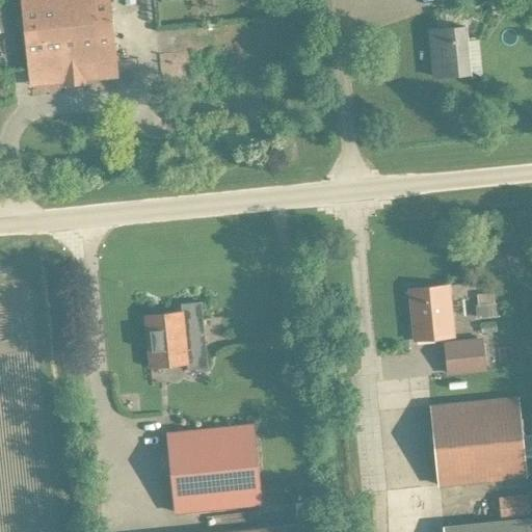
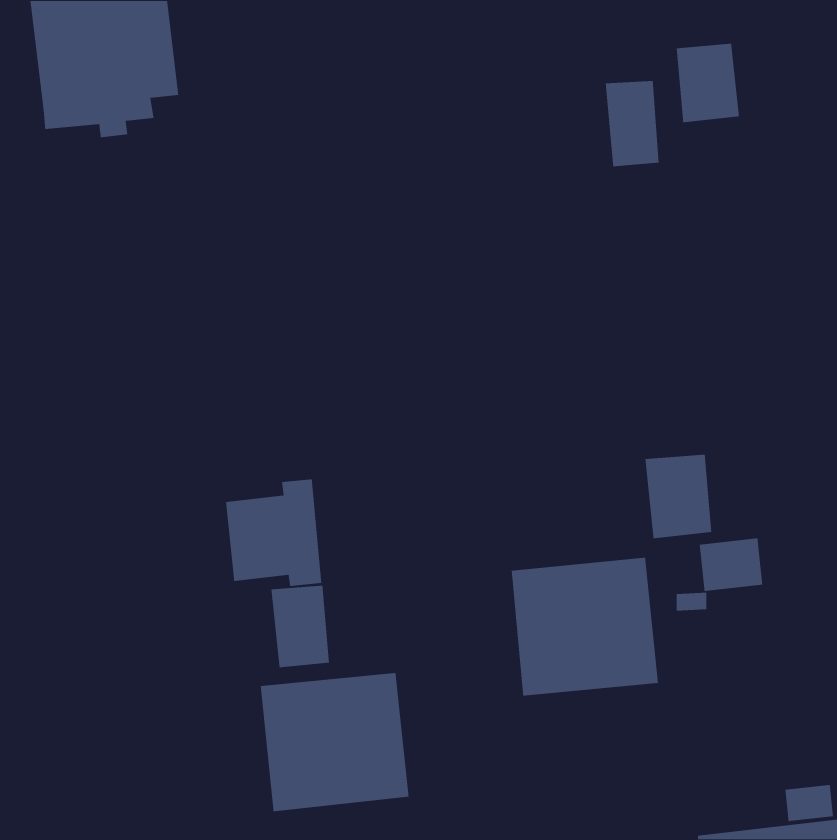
building: none -> [605,80,659,167]
building: none -> [271,585,330,668]
building: [431,398,525,486] -> [511,557,659,697]

